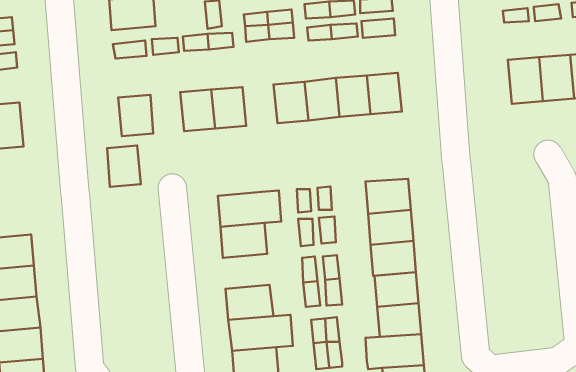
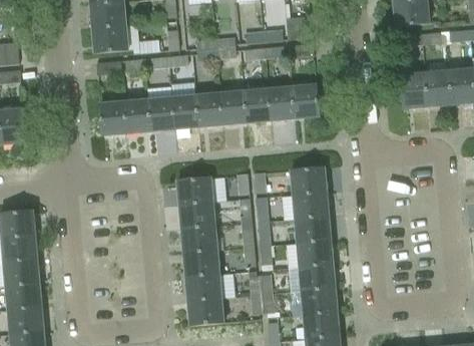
building: none -> [195,93,222,125]
building: [107,145,141,187] -> [124,99,150,131]
building: none -> [180,225,216,252]

